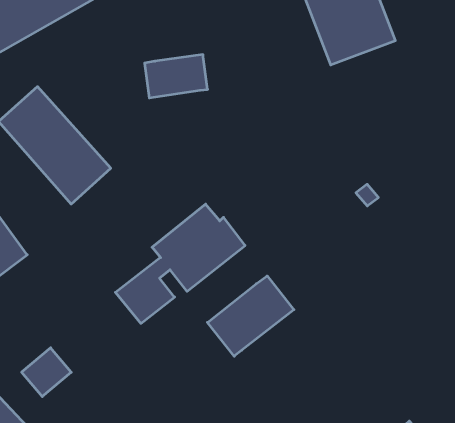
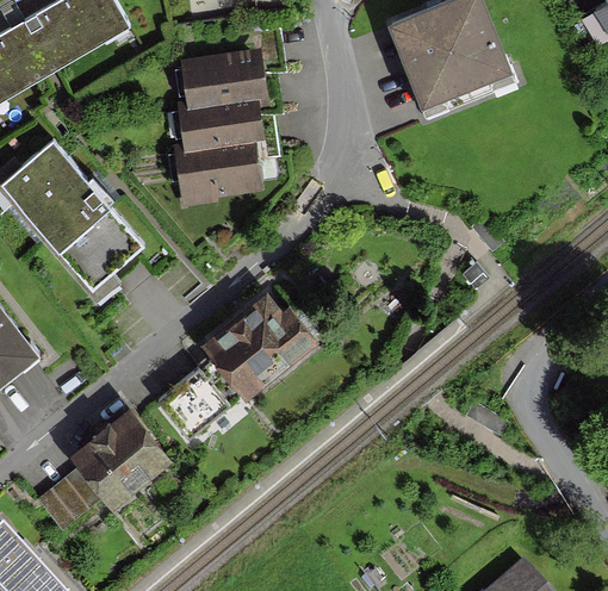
building: none -> [194,54,273,108]
building: none -> [182,145,265,203]
building: [207,276,294,356] -> none
building: none -> [63,406,168,509]

